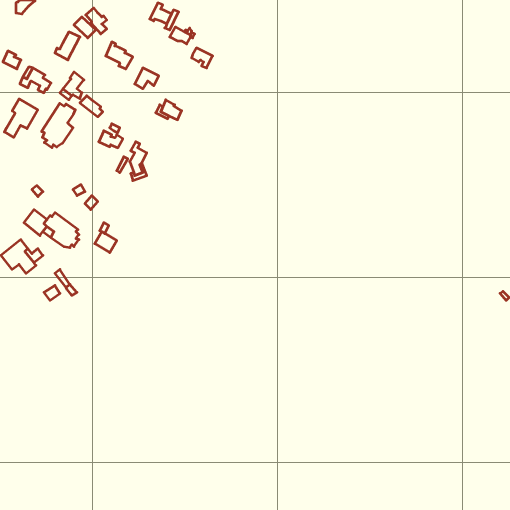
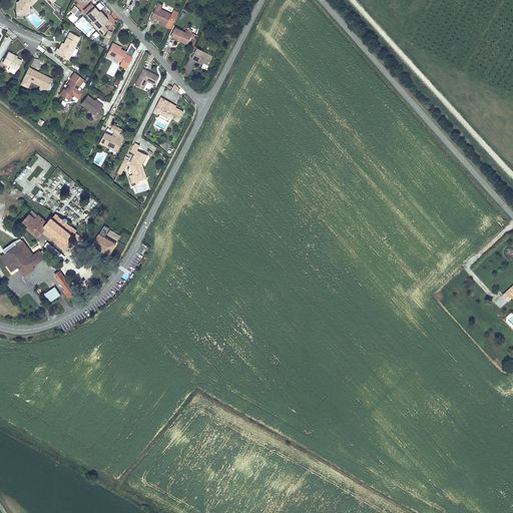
building: [4,99,38,137] -> none
building: [42,103,75,148] -> none

